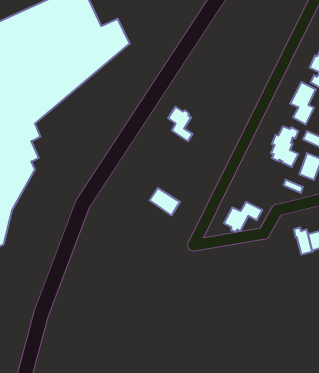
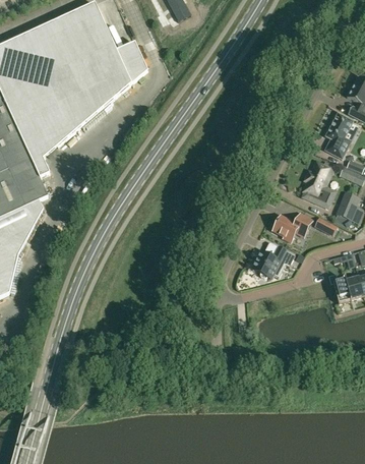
building: [168,107,192,141] -> none
building: none -> [272,211,314,240]
building: [149,188,180,215] -> none

